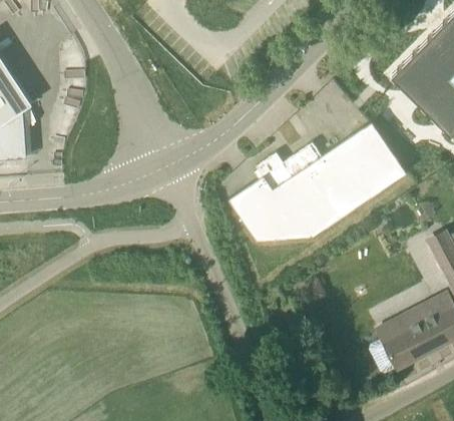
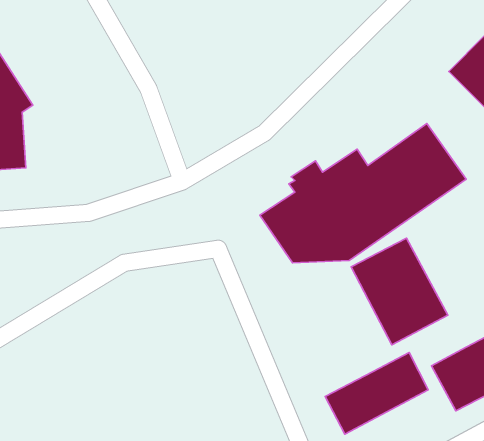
building: none -> [351,238,448,345]
building: none -> [325,353,428,434]

